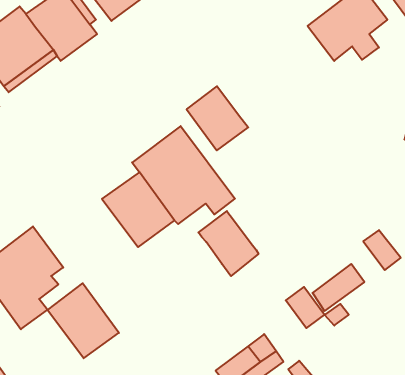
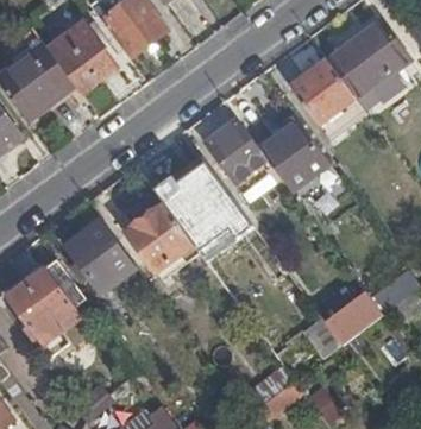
building: none -> [288,59,364,139]
building: none -> [257,119,328,191]
building: [198,211,258,276] -> none
building: [47,283,119,358] -> [64,219,134,292]

